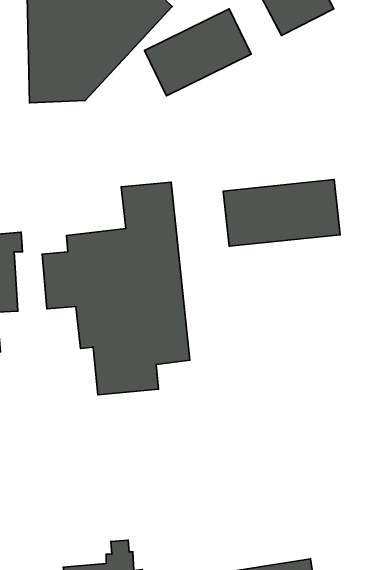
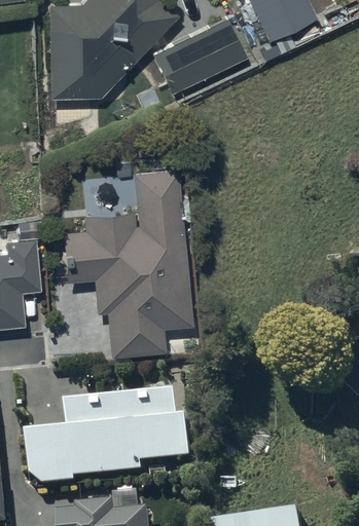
building: [223,180,340,246] -> none
building: none -> [31,399,196,489]

